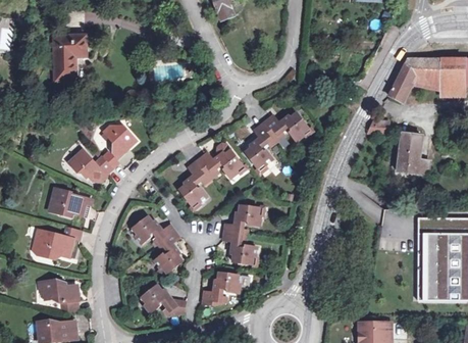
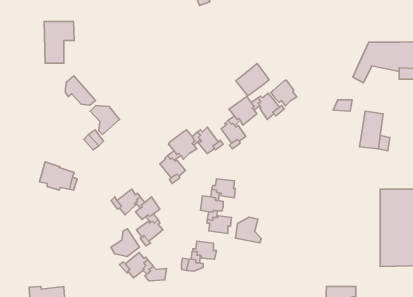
building: none -> [236,64,269,96]
building: none -> [271,80,297,106]
building: [73,150,106,182] -> [65,76,95,105]
building: [35,227,81,259] -> none
building: none -> [235,217,261,243]
building: none -> [111,229,139,256]
building: [40,281,79,312] -> none

